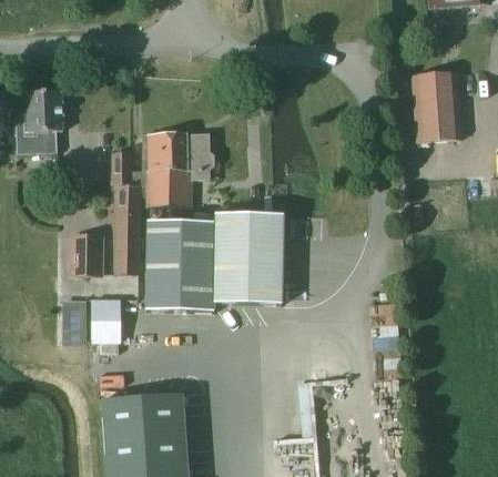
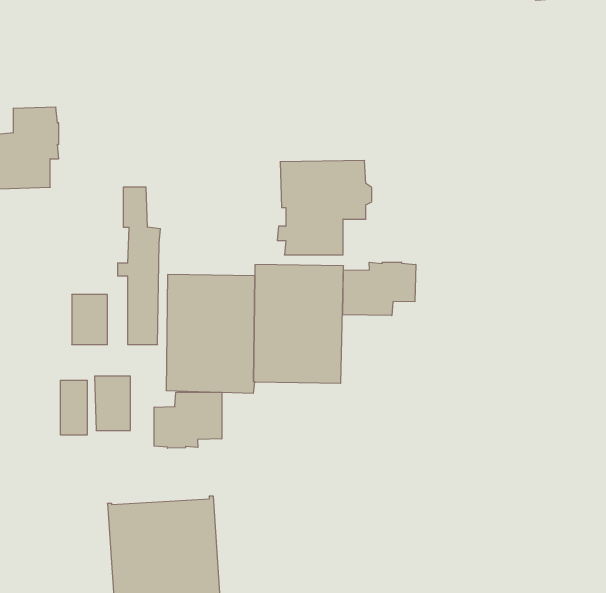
building: [413,71,461,141] -> none
building: [141,133,214,206] -> [277,160,372,255]
building: none -> [343,262,416,316]
building: none -> [154,392,222,448]

